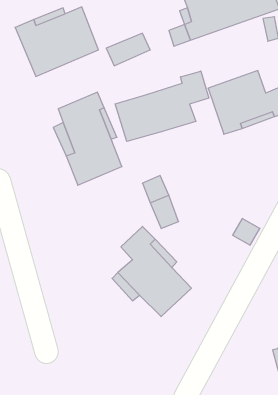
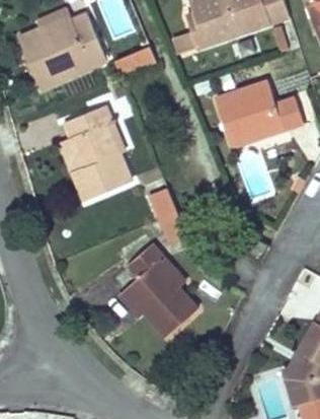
building: [115,71,209,141] -> none

